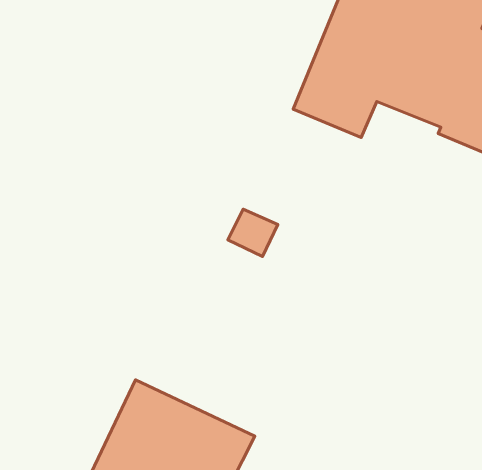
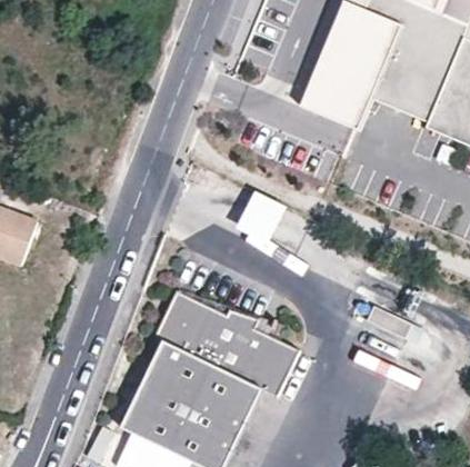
building: none -> [153,289,299,395]

